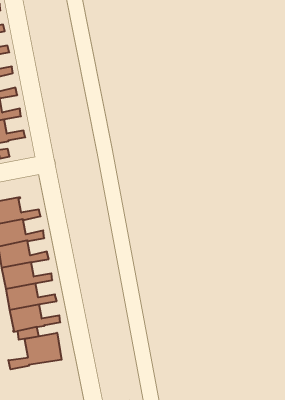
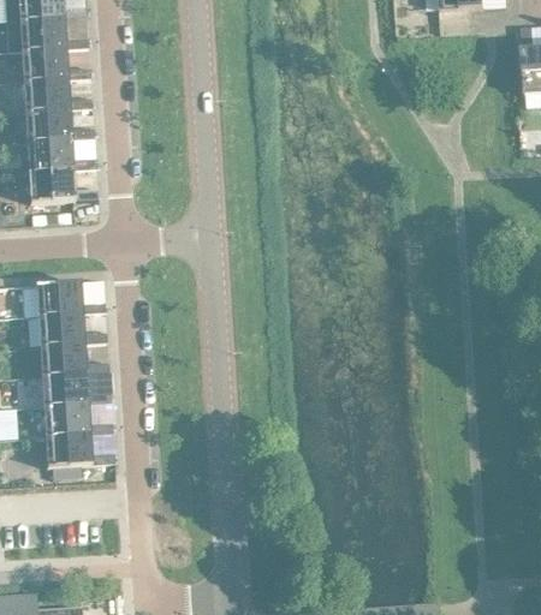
building: [8,333,62,369] -> none

